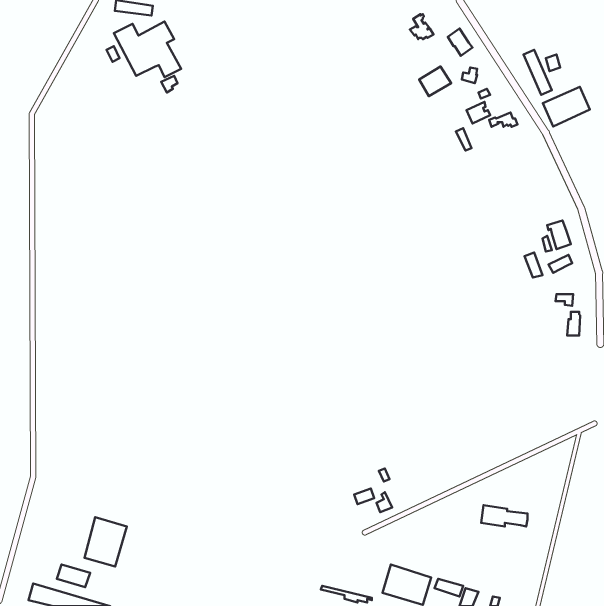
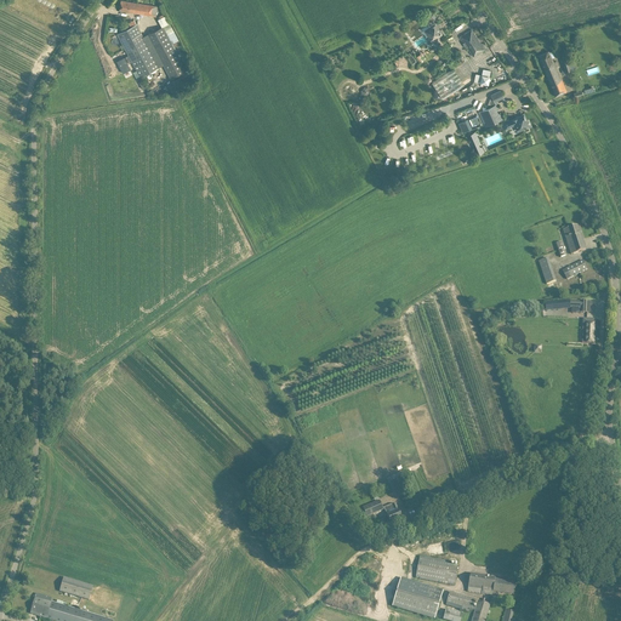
building: [543,87,590,127] -> none
building: [481,505,527,526] -> [467,574,514,596]
building: [85,517,127,566] -> none
building: none -> [415,557,457,585]

